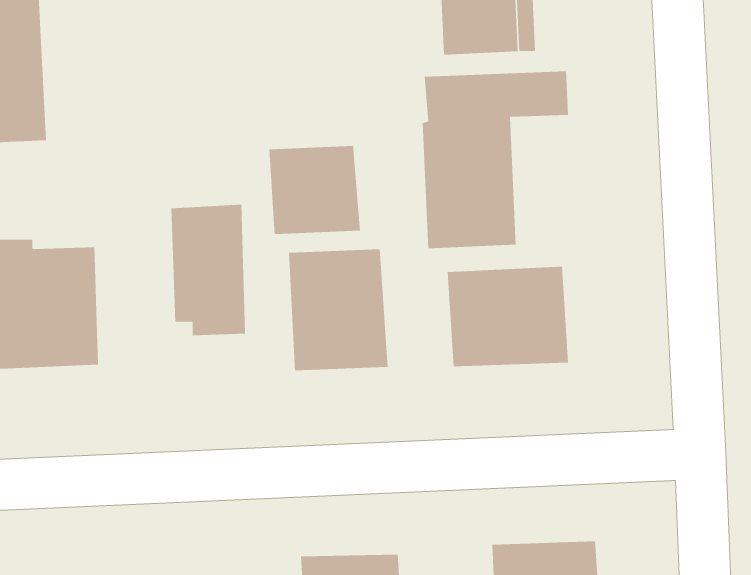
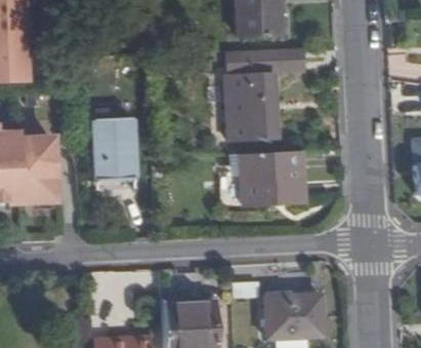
building: [269,145,361,235] -> none
building: [289,249,388,371] -> none

